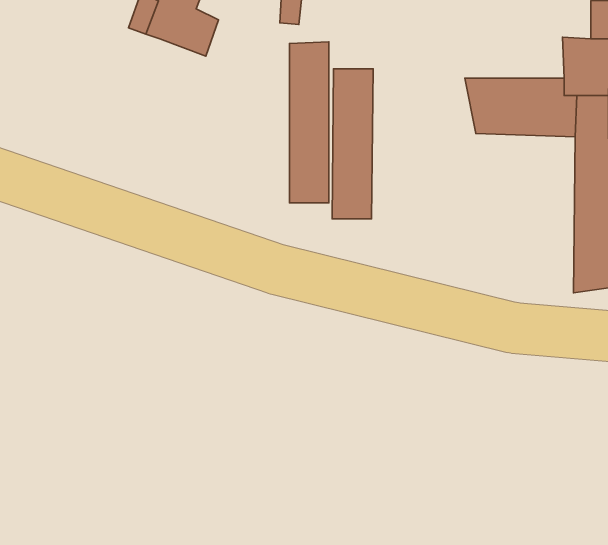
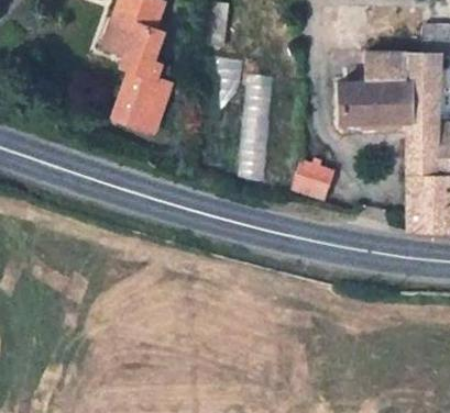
building: none -> [366,52,405,80]
building: none -> [112,53,173,134]
building: none -> [295,158,336,196]

